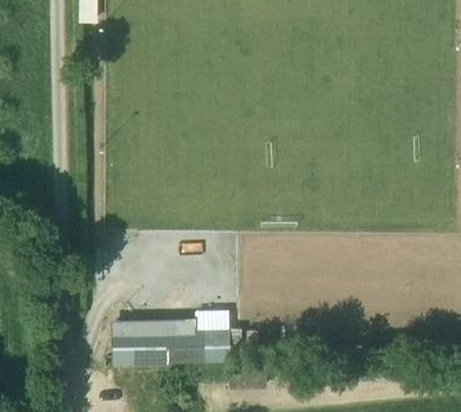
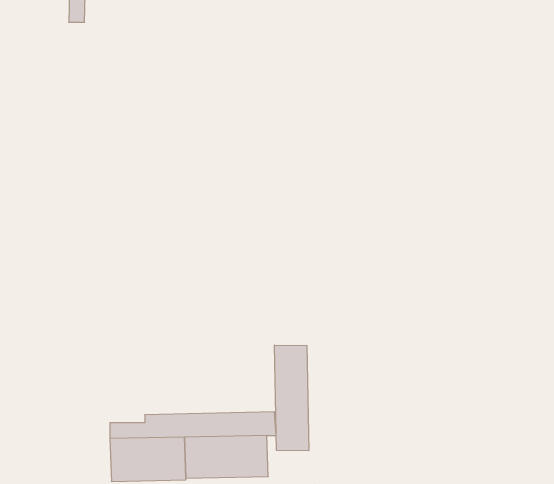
building: none -> [275,345,309,451]

